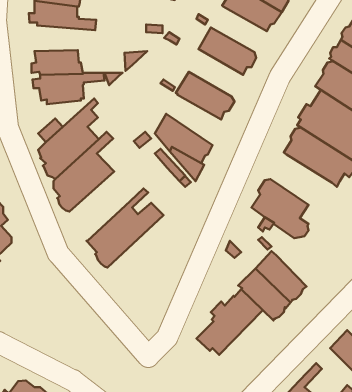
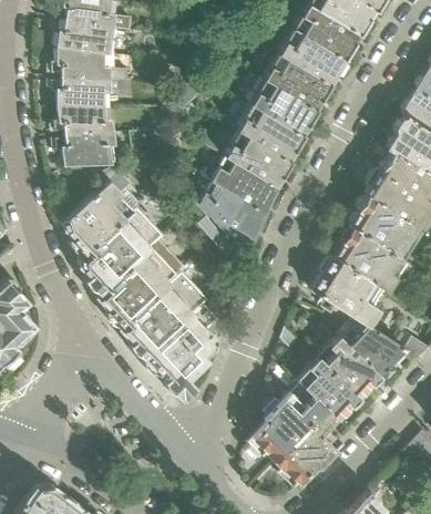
building: none -> [264,53,331,106]
building: none -> [53,75,130,105]
building: none -> [237,104,305,158]
building: none -> [213,156,279,215]
building: none -> [335,226,407,294]
building: none -> [98,235,171,327]
building: none -> [144,297,223,395]
building: none -> [341,322,407,380]
building: none -> [275,408,341,485]

